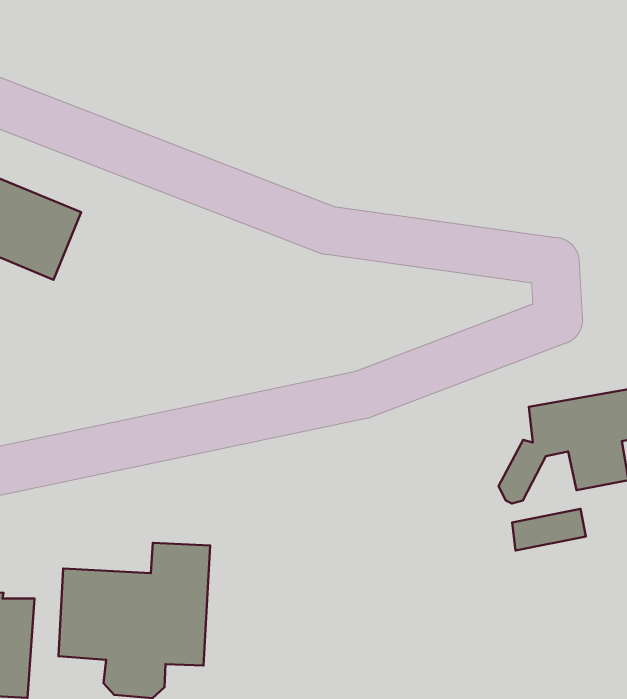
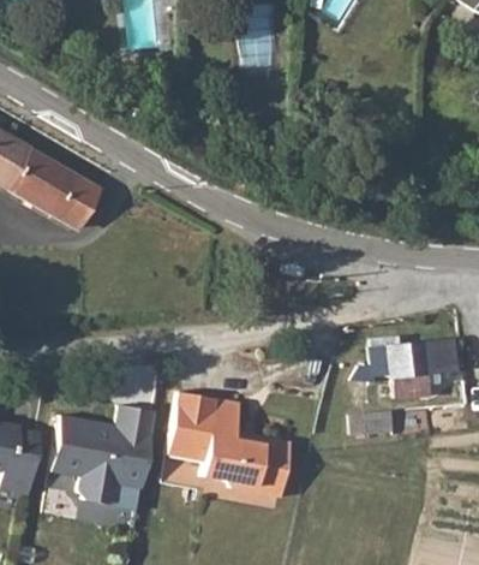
building: none -> [168,393,291,496]

